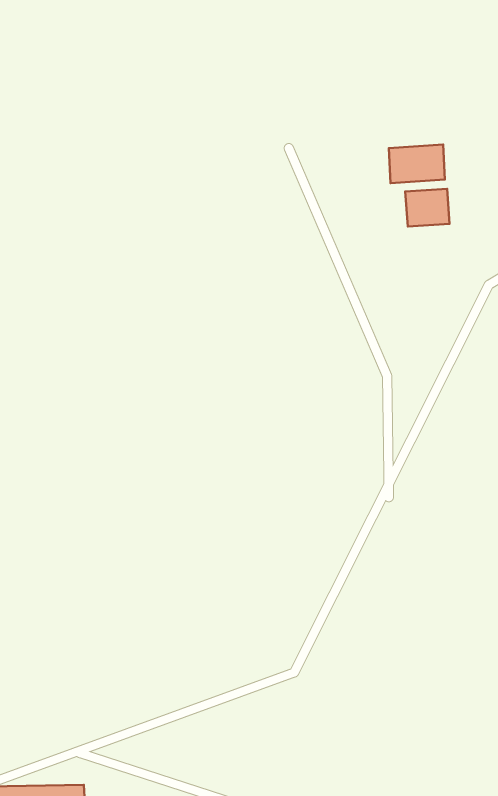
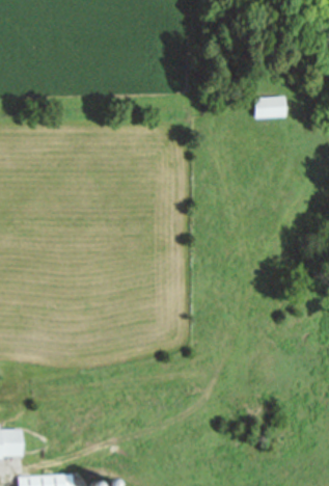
building: [405,189,450,226] -> none

